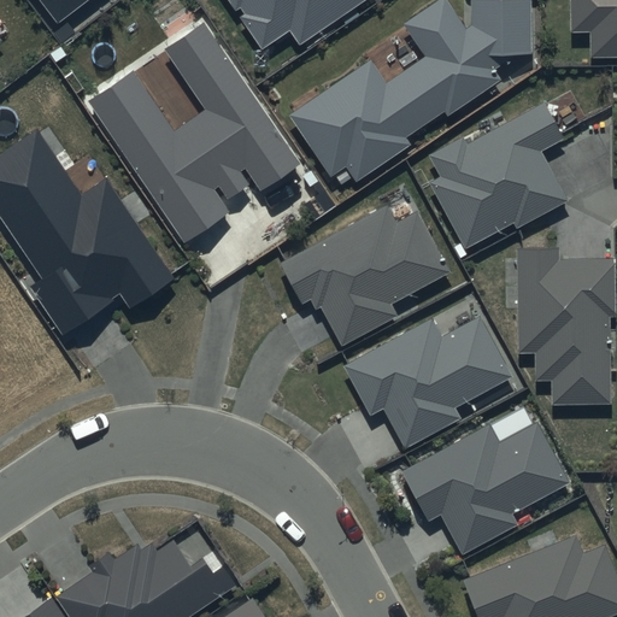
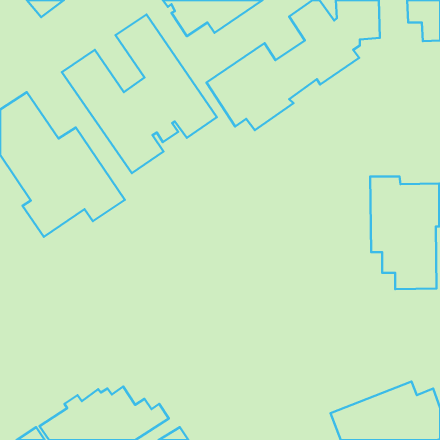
building: [430,102,568,248] -> none
building: [281,205,452,346] -> none
building: [343,315,513,448] -> none
building: [401,422,569,554] -> none

